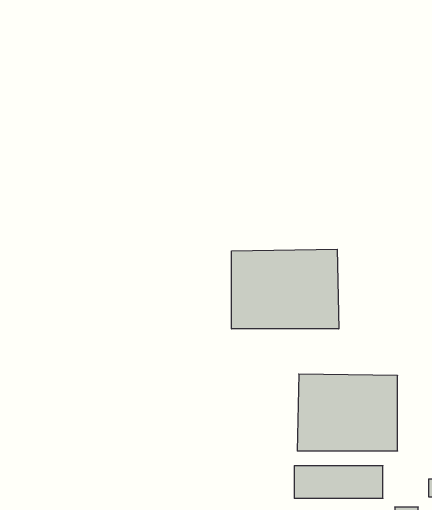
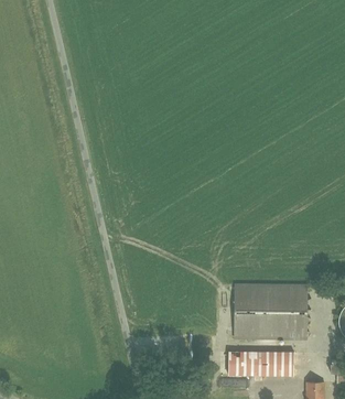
building: [232,249,339,329] -> none

